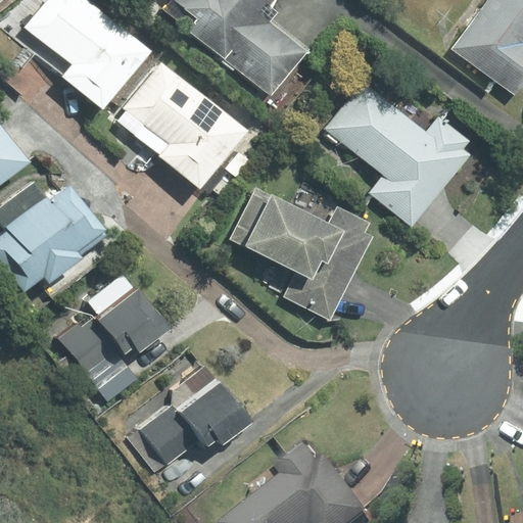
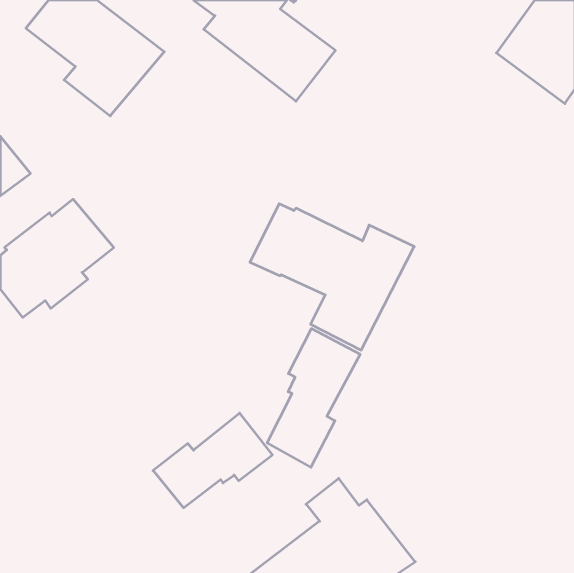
building: [125,63,246,194] -> none
building: [324,82,470,227] -> none
building: [56,274,169,403] -> none
building: none -> [267,329,360,467]

